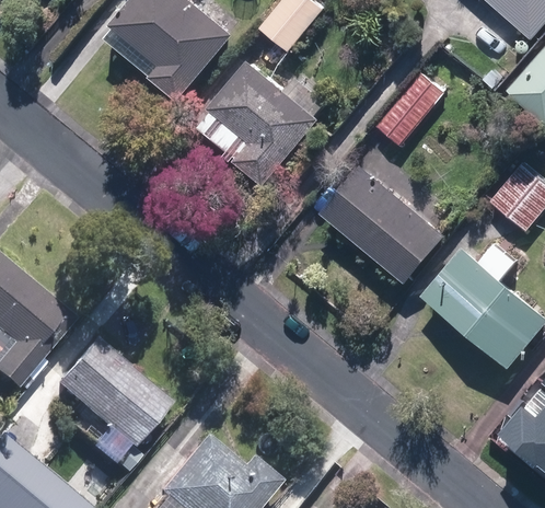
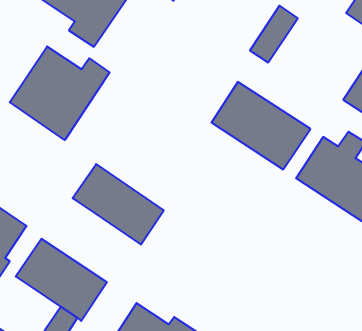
building: [206,60,324,186] -> none
building: none -> [10,46,110,140]
building: none -> [73,164,164,245]

